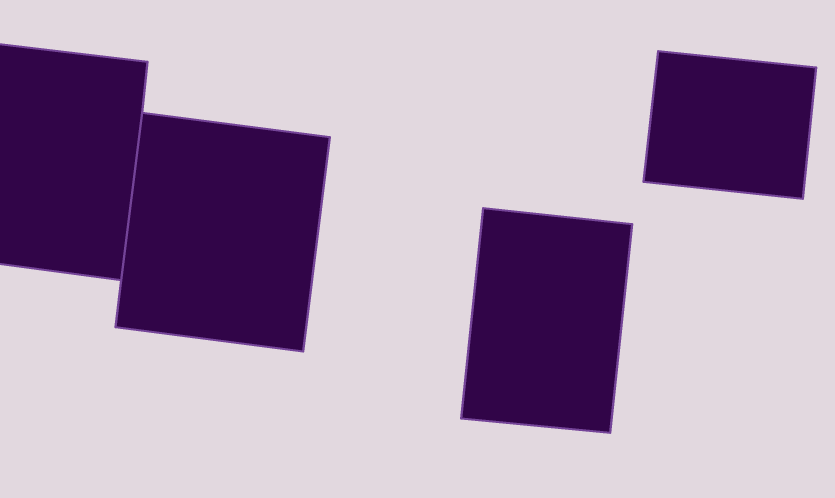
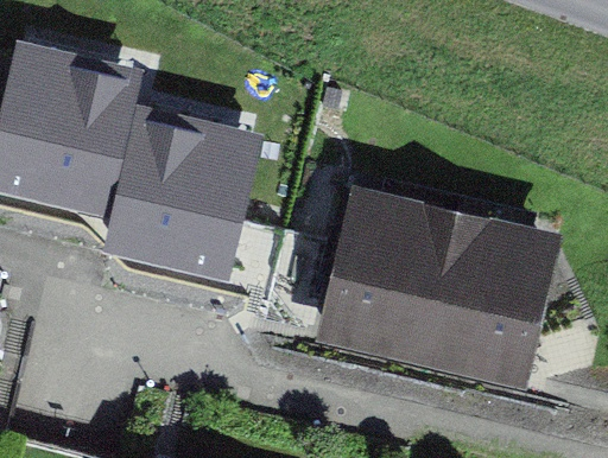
building: [643,51,816,199] -> none
building: none -> [422,217,549,375]

